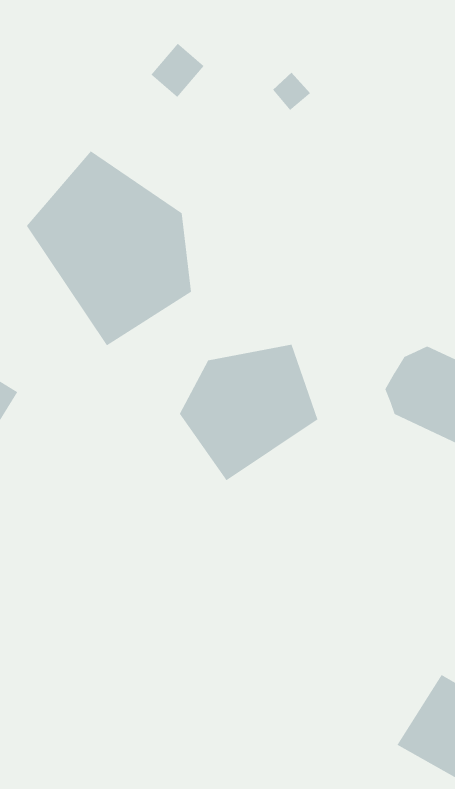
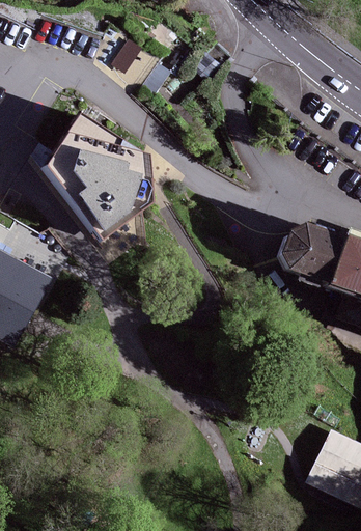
building: [179,344,318,481] -> none

